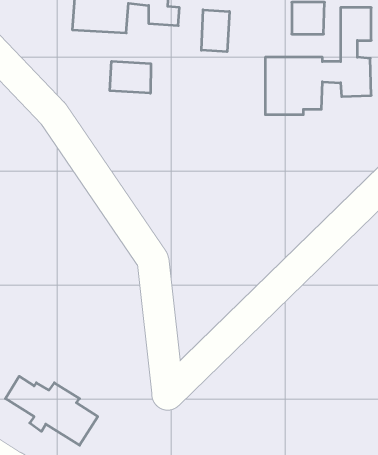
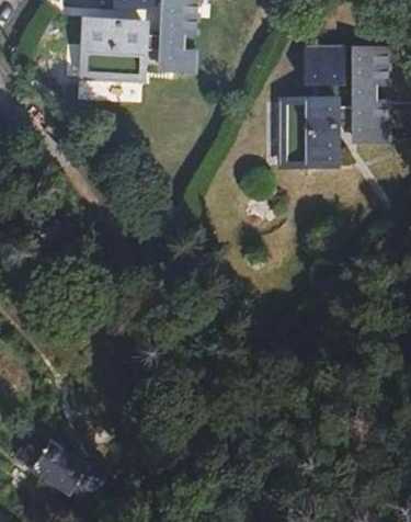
building: [201,10,229,52] -> none
building: [110,61,151,93] -> none

